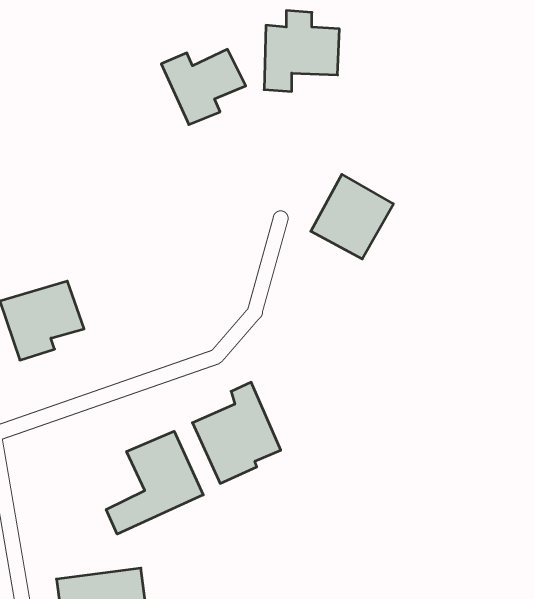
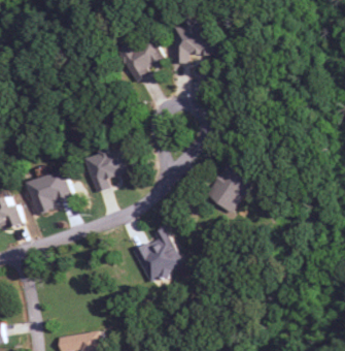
building: [311,174,393,259] -> [207,165,253,213]
building: none -> [83,150,127,193]
building: [106,431,203,534] -> none

